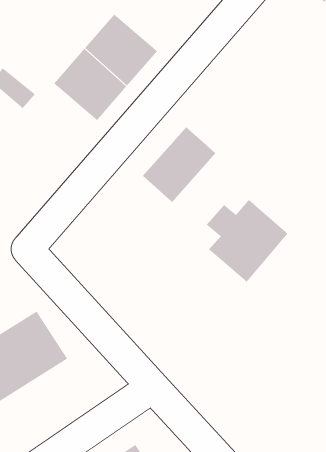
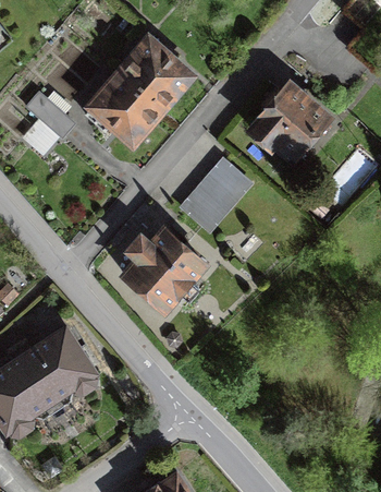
building: none -> [250,85,324,160]
building: [206,199,289,283] -> [114,219,198,304]

